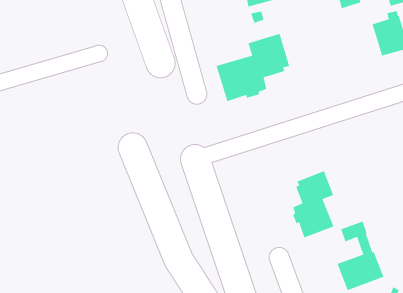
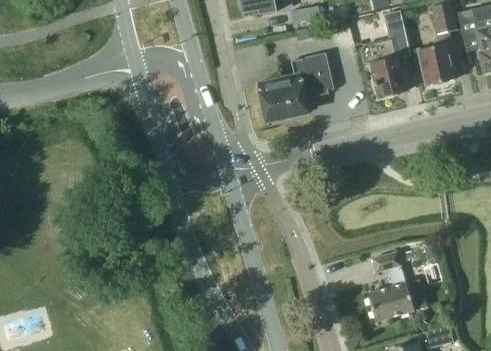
building: none -> [361,38,405,98]
building: [292,170,335,238] -> none

